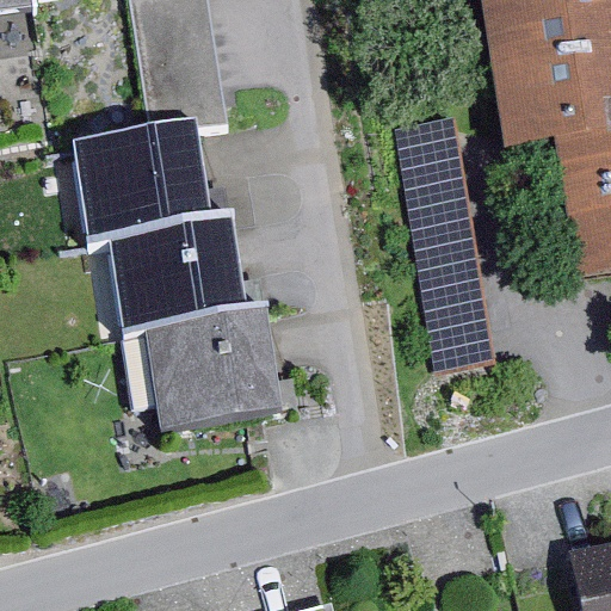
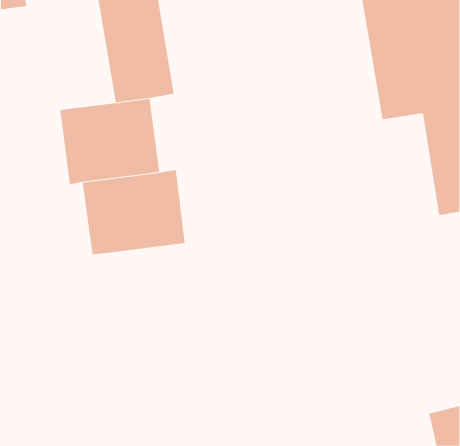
building: [395,112,499,368] -> none
building: [143,320,280,436] -> none

